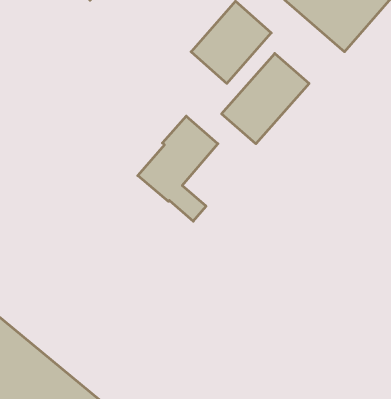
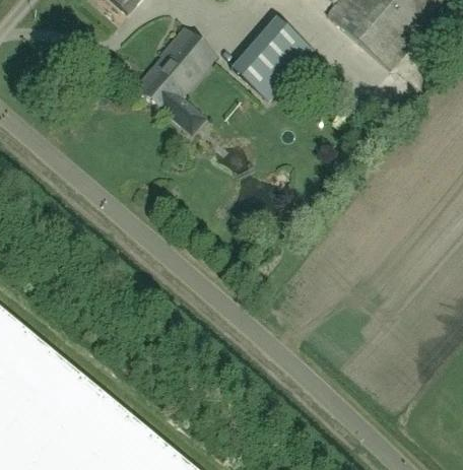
building: [222,53,309,144] -> none
building: [138,116,218,221] -> [134,25,216,133]

